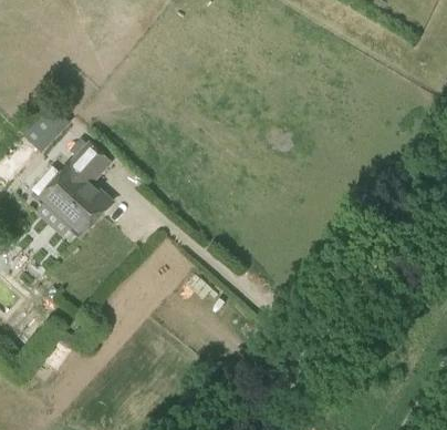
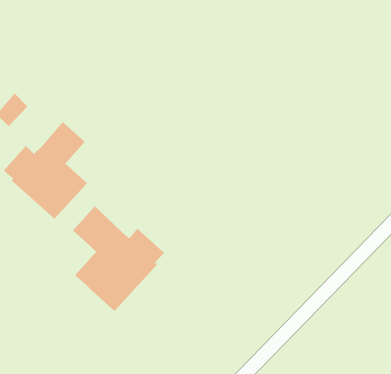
building: none -> [72,206,165,312]

